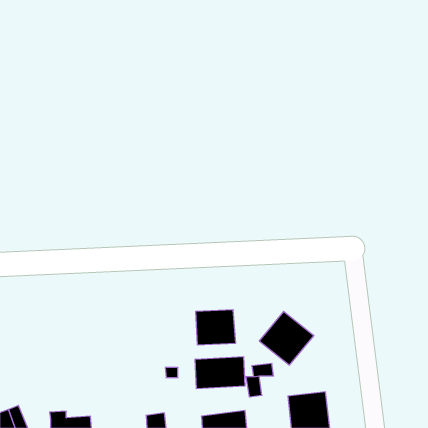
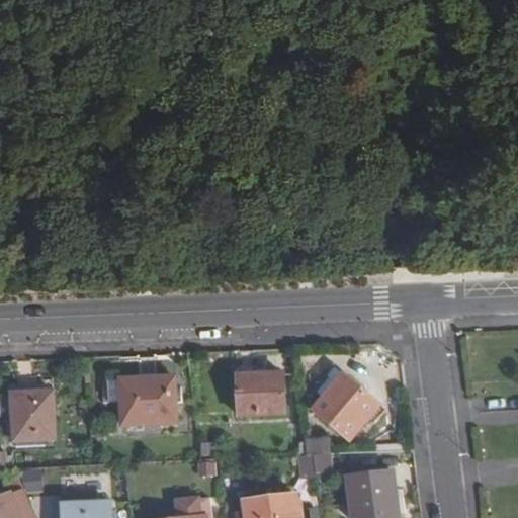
building: none -> [118,377,176,424]
building: none -> [10,392,54,440]
building: [195,357,245,389] -> none

